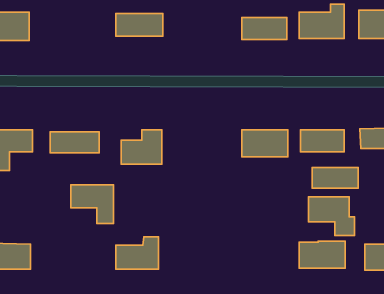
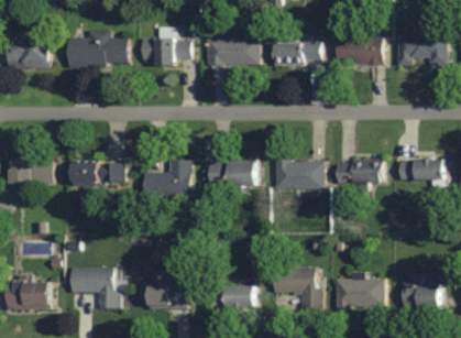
building: none -> [207,29,259,64]
building: none -> [68,30,127,65]
building: none -> [208,161,255,187]
building: [312,168,358,188] -> none
building: [71,185,114,223] -> [72,268,117,308]
building: [309,197,355,235] -> [273,268,321,308]
building: none -> [210,286,255,307]

